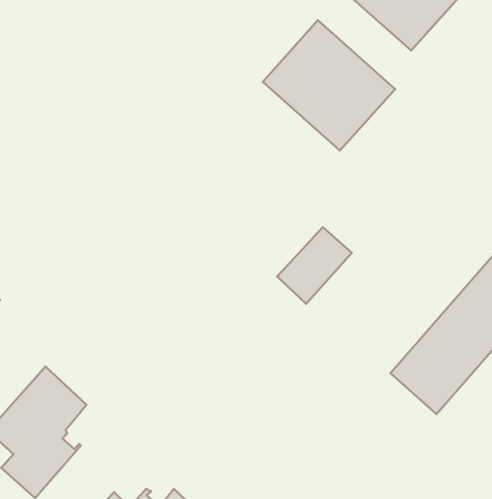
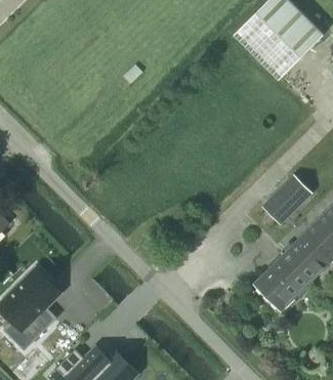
building: [263,20,395,151] -> none
building: [277,227,352,304] -> [262,175,310,223]

